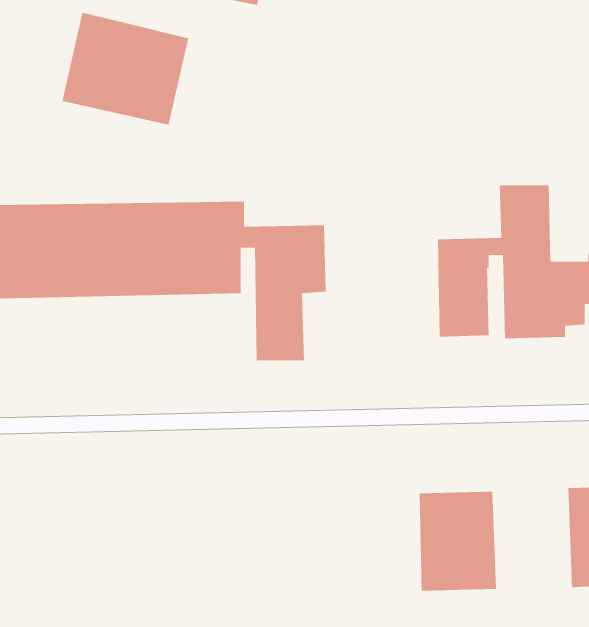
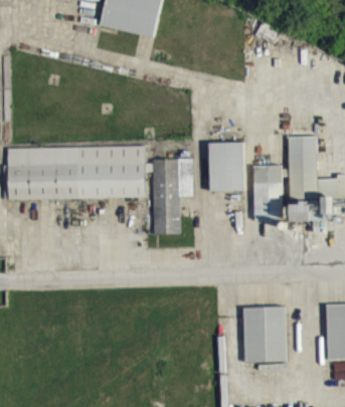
building: [62,12,189,125] -> none
building: none -> [208,142,244,191]

